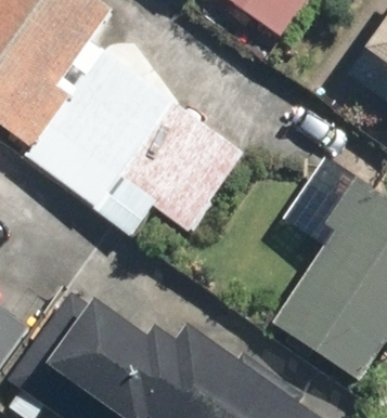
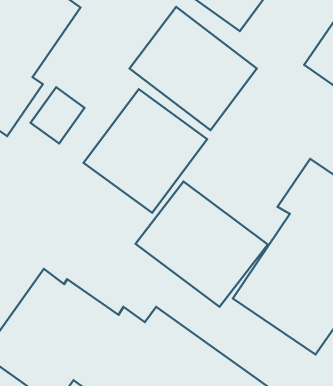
building: none -> [130,7,257,130]
building: none -> [135,182,268,307]

